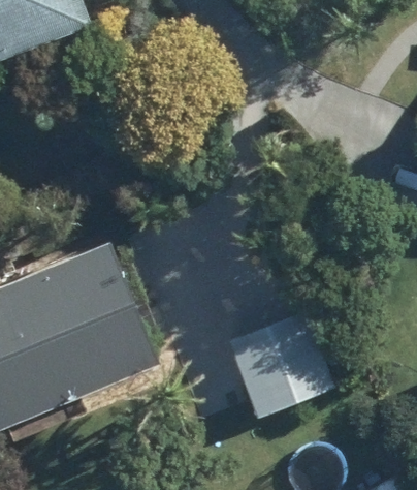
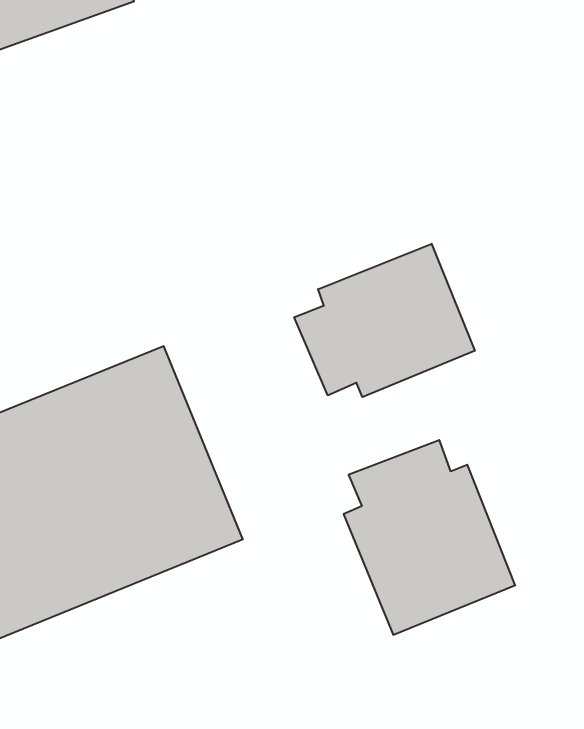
building: none -> [294,244,475,397]

